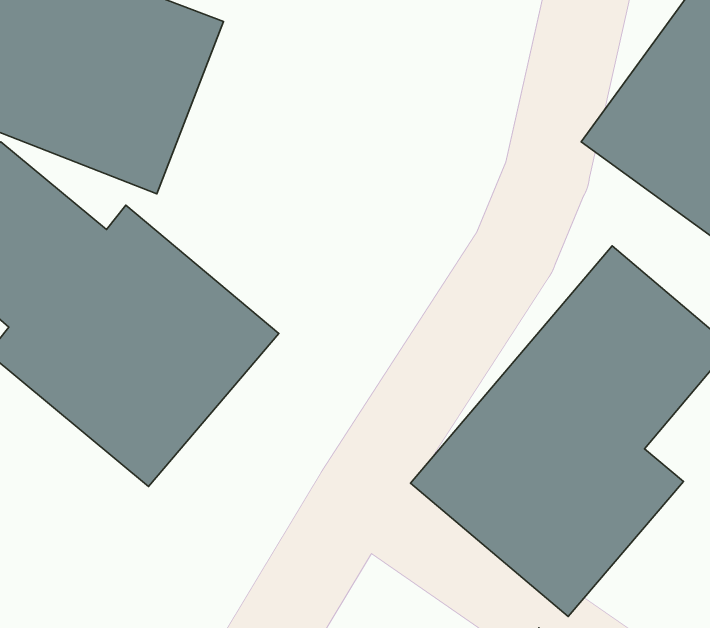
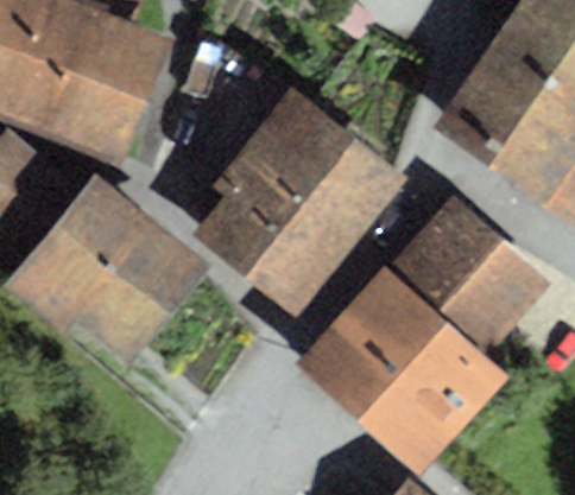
building: none -> [204,99,372,284]

